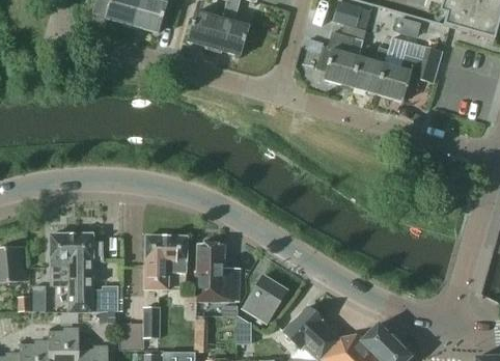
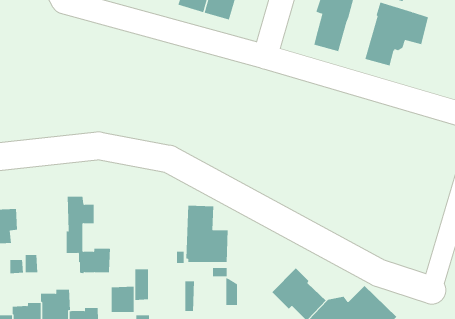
building: [351,48,389,94] -> none
building: [49,233,87,312] -> none
building: [144,235,187,289] -> none
building: [242,275,286,323] -> none

